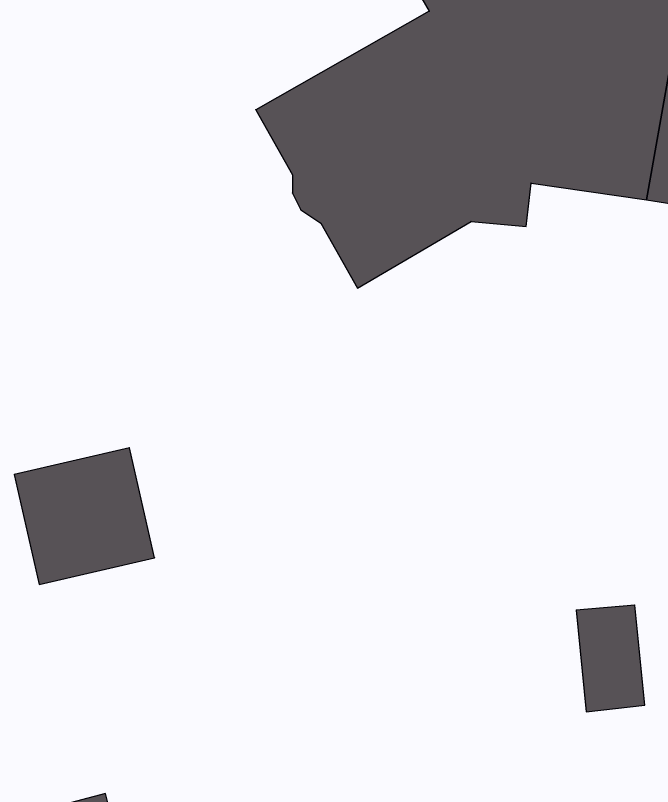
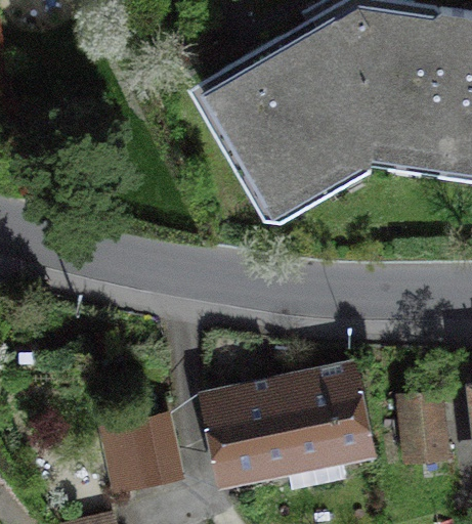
building: [14,448,155,584] -> [100,417,186,500]
building: none -> [217,379,368,479]

